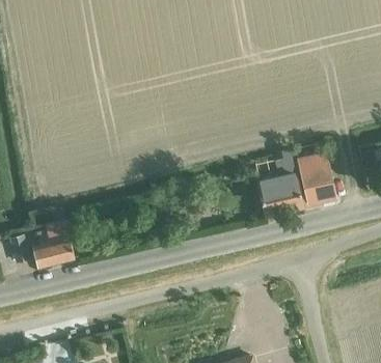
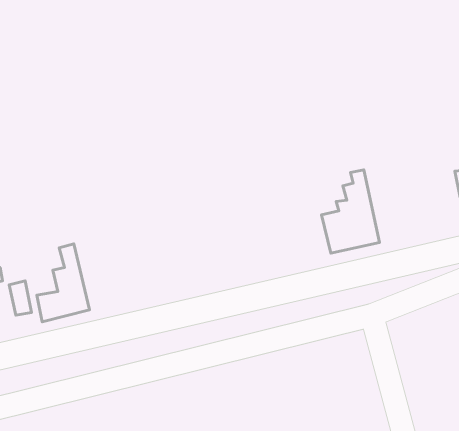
building: [297,148,334,203] -> none

